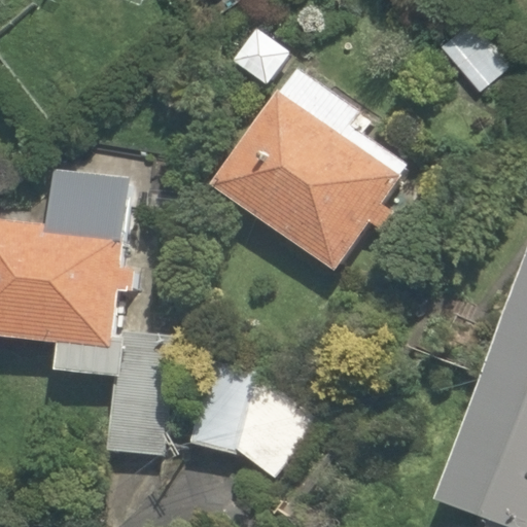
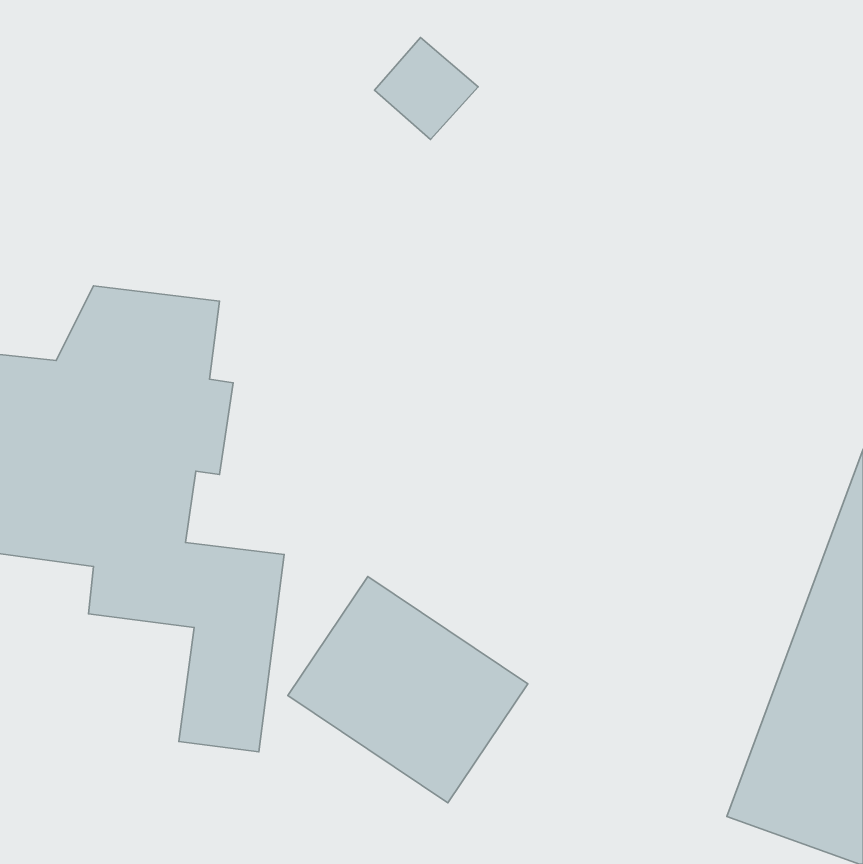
building: [209,67,409,271] -> none

